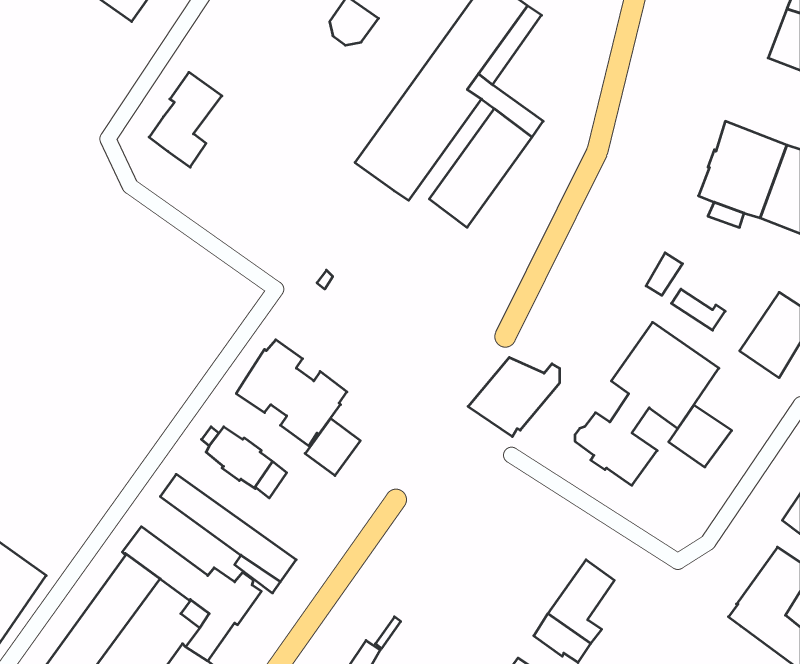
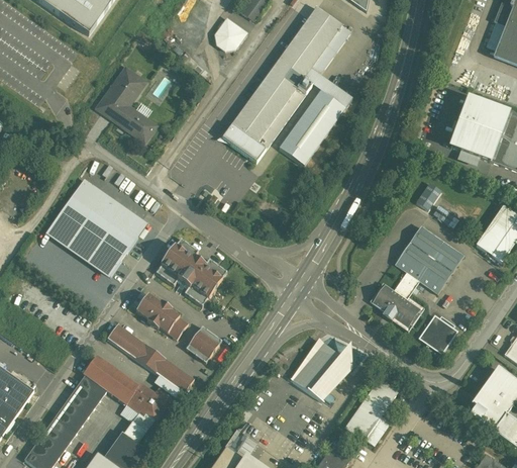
building: none -> [125,112,153,139]
building: none -> [222,124,266,163]
building: none -> [46,176,147,275]
building: [468,357,560,437] -> [292,349,350,399]
building: [669,405,732,467] -> [418,314,458,354]
building: [305,419,360,476] -> [186,325,221,362]

